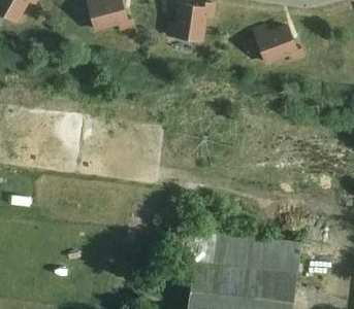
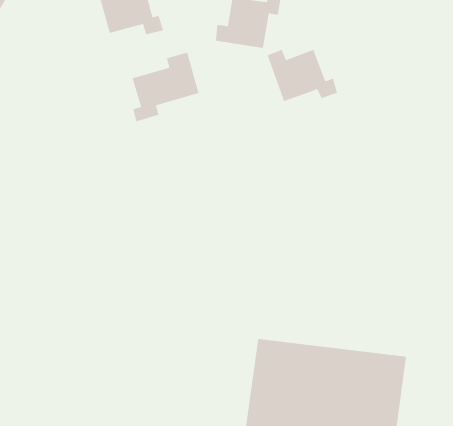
building: [254,26,302,62] -> [267,49,338,102]
building: none -> [132,52,199,122]

